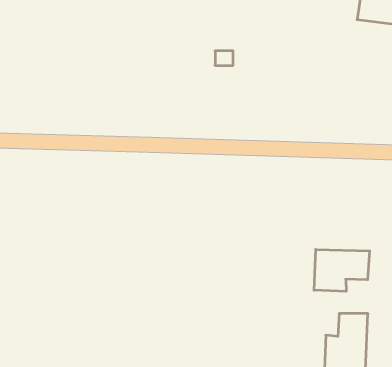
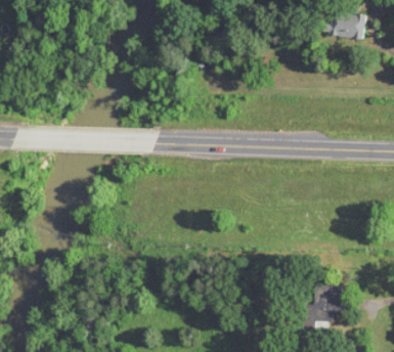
building: [314,249,370,291] -> none

